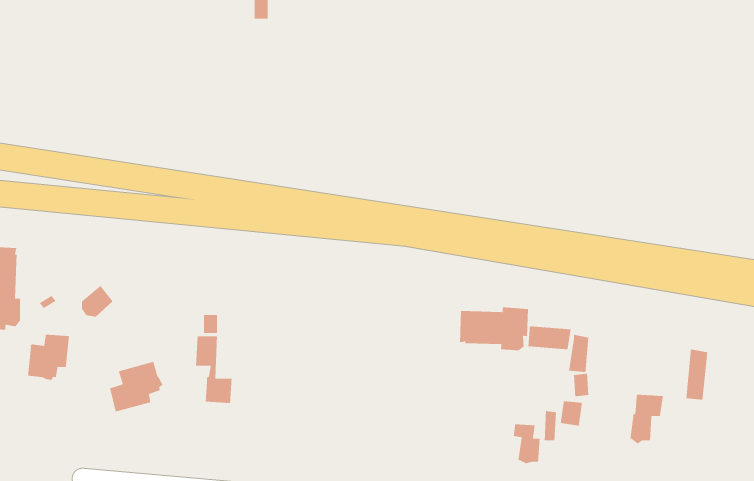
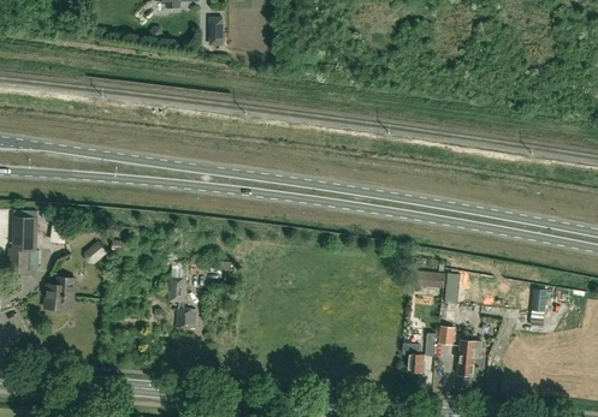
building: [459,307,529,351] -> none
building: [109,361,163,413] -> none
building: [629,394,664,444] -> [457,340,482,377]

